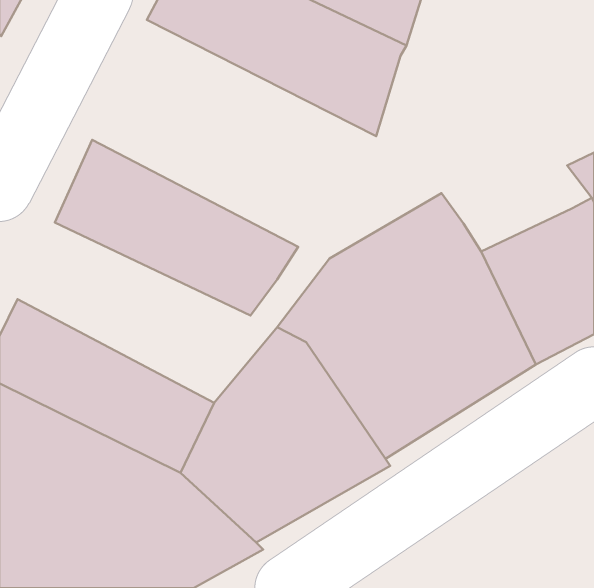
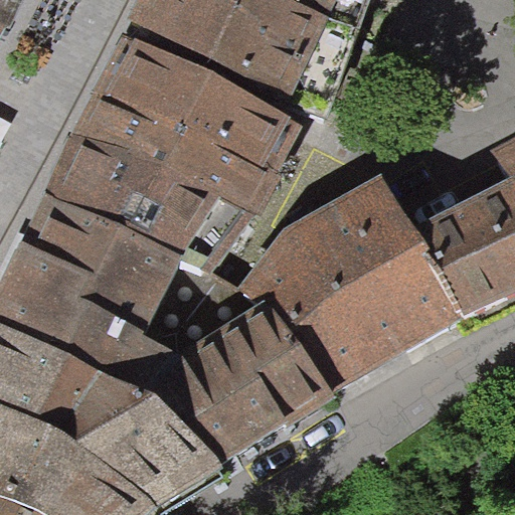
building: none -> [79,32,302,213]
building: none -> [15,192,239,348]

